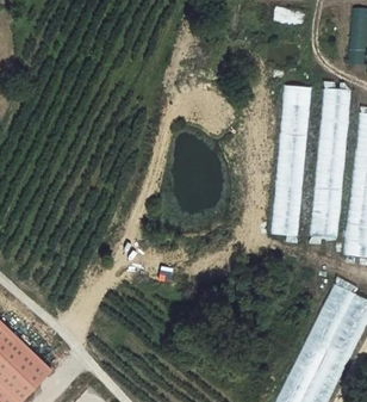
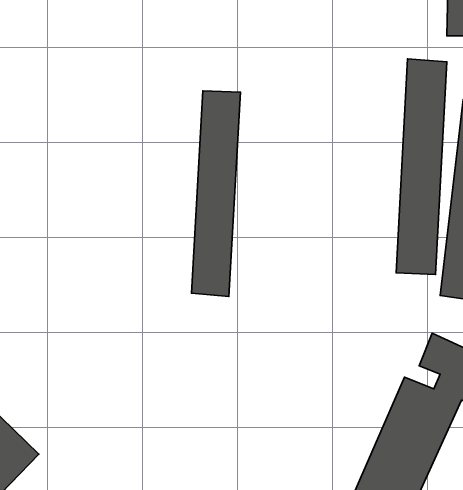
building: [273,86,309,236] -> [191,91,240,297]

